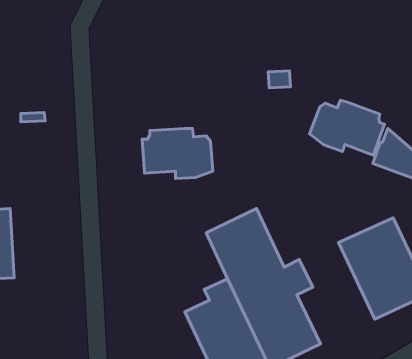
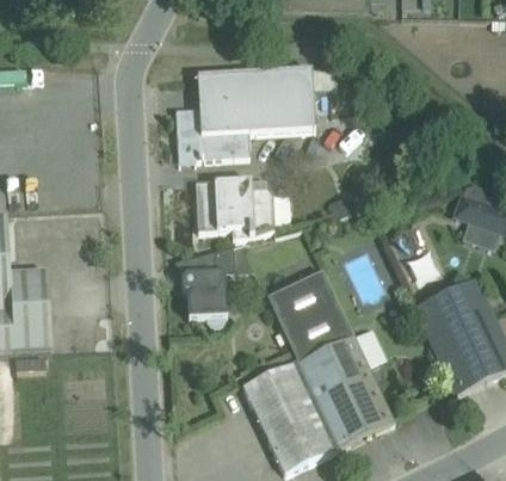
building: none -> [175,68,337,159]
building: [310,100,385,155] -> none
building: none -> [181,246,235,326]

